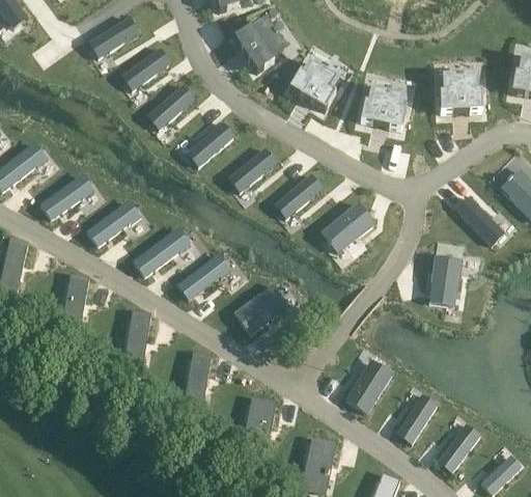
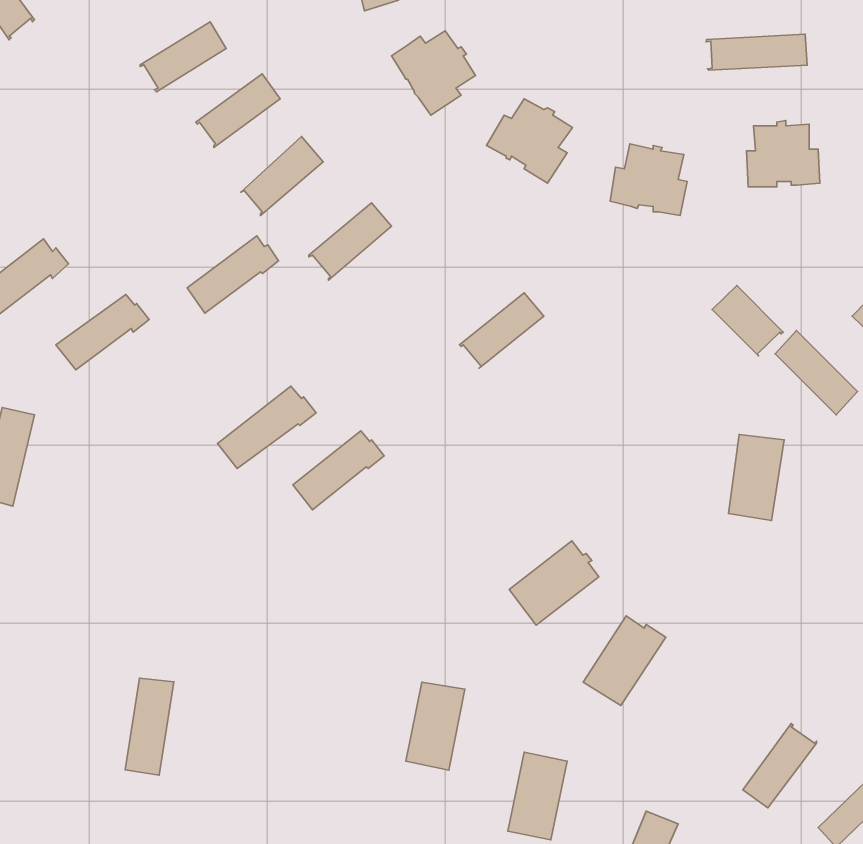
building: none -> [706,34,807,70]
building: [227,148,275,192] -> none
building: none -> [712,286,783,356]
building: [86,201,139,246] -> [187,236,279,313]
building: [320,203,373,252] -> none
building: [59,276,88,332] -> none
building: [234,284,286,333] -> [509,541,599,625]
building: [122,313,150,369] -> [125,678,174,775]
building: [181,354,211,411] -> none
building: [395,393,437,444] -> none

